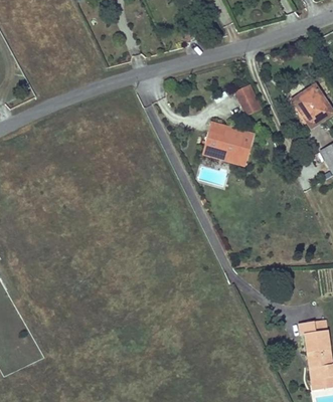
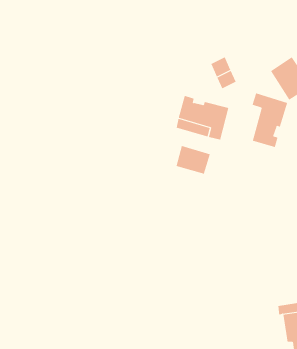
building: none -> [252,93,288,148]
building: none -> [176,145,210,174]

